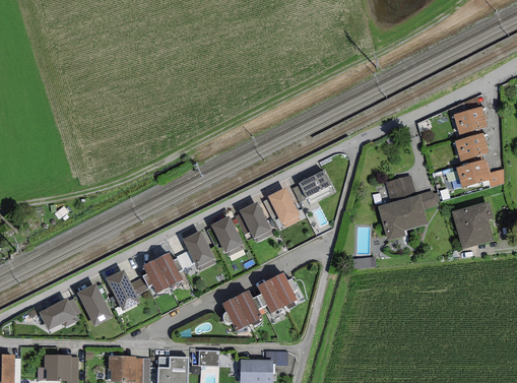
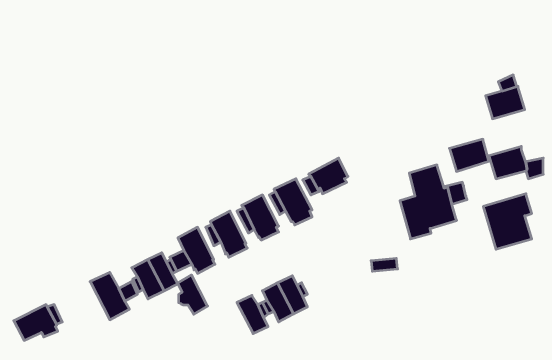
building: [454,132,489,161] -> [449,139,489,171]
building: [77,282,113,325] -> none
building: [222,296,249,330] -> [177,275,208,314]

